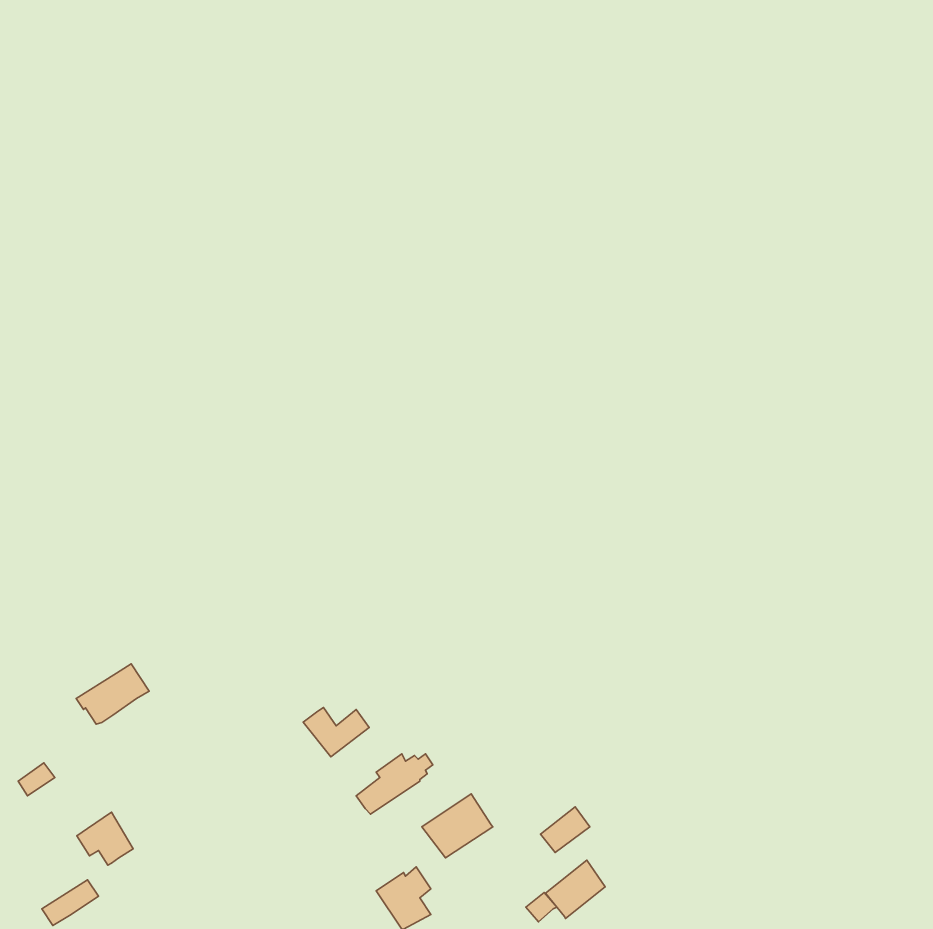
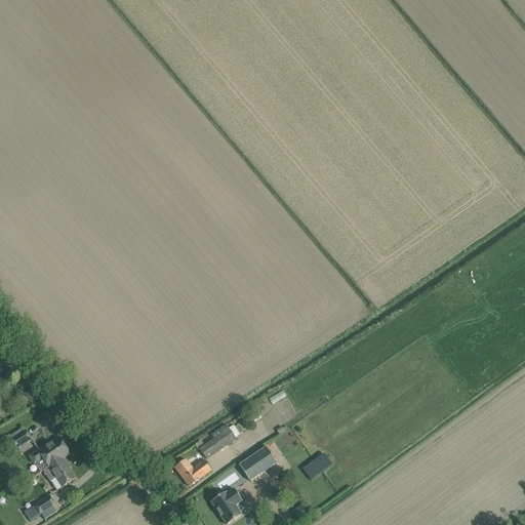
building: [76,664,149,724] -> [29,437,70,471]
building: [303,708,369,757] -> [174,457,211,485]
building: [545,860,605,918] -> none

